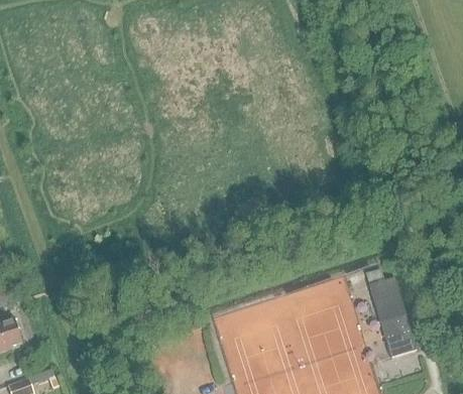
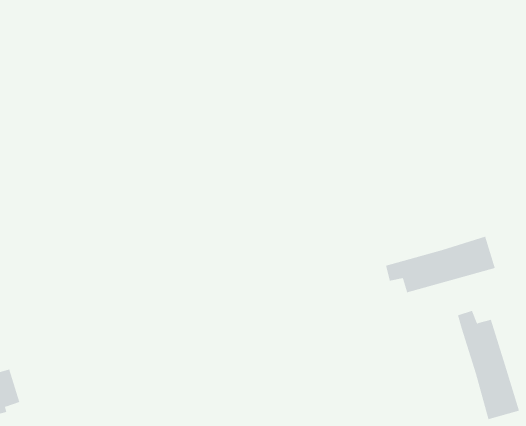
building: none -> [385,236,496,293]

